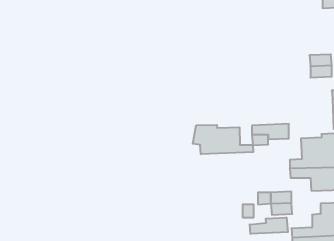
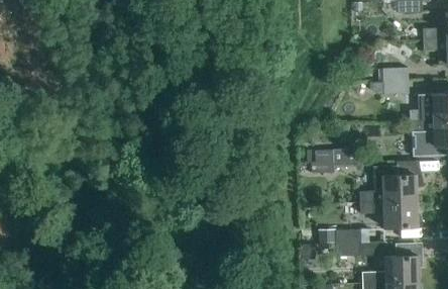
building: [193,125,253,154] -> none
building: [250,217,288,234] -> none

